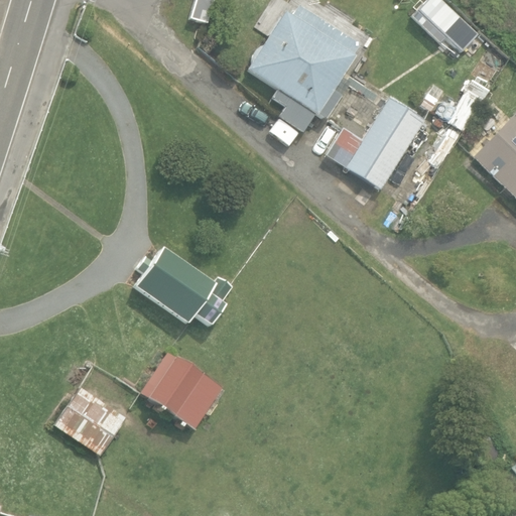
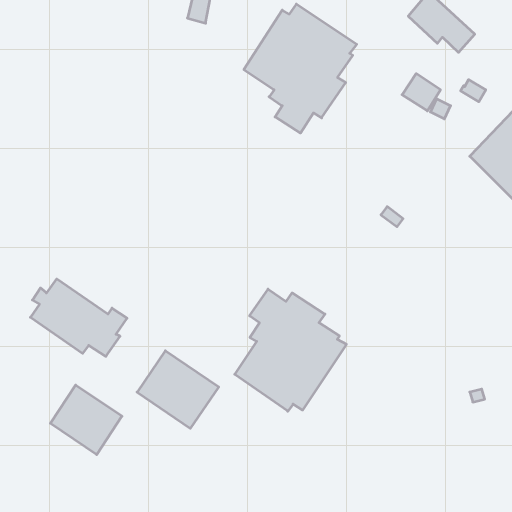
building: [345,97,424,189] -> none
building: [135,247,232,325] -> [30,279,127,356]
building: none -> [235,289,346,411]

